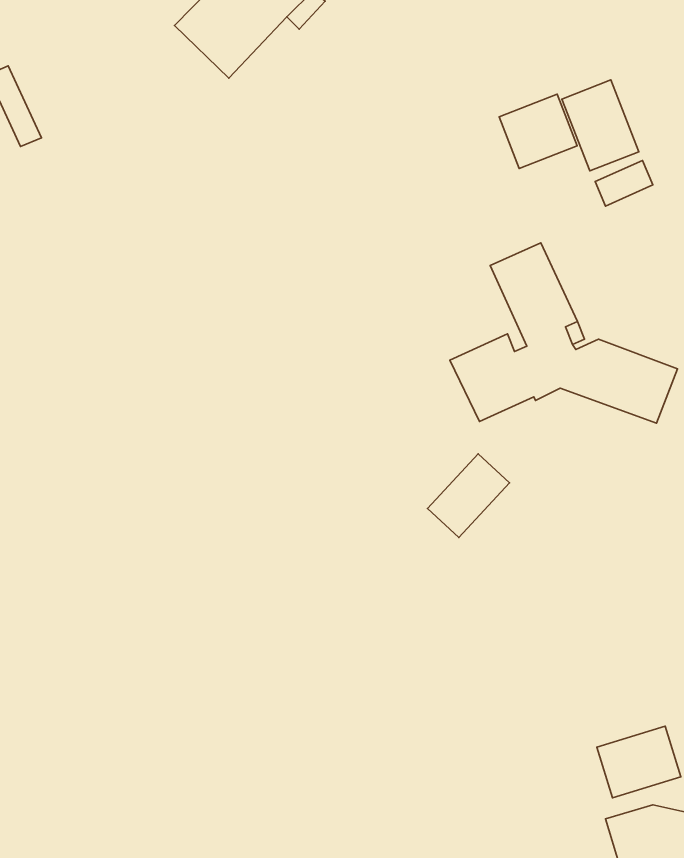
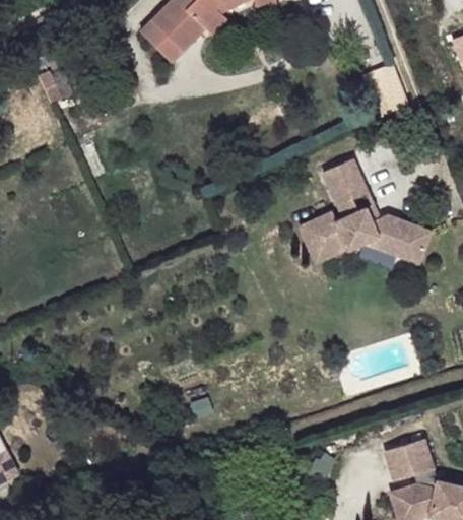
building: [499,94,577,168] -> none
building: [428,454,509,537] -> none

